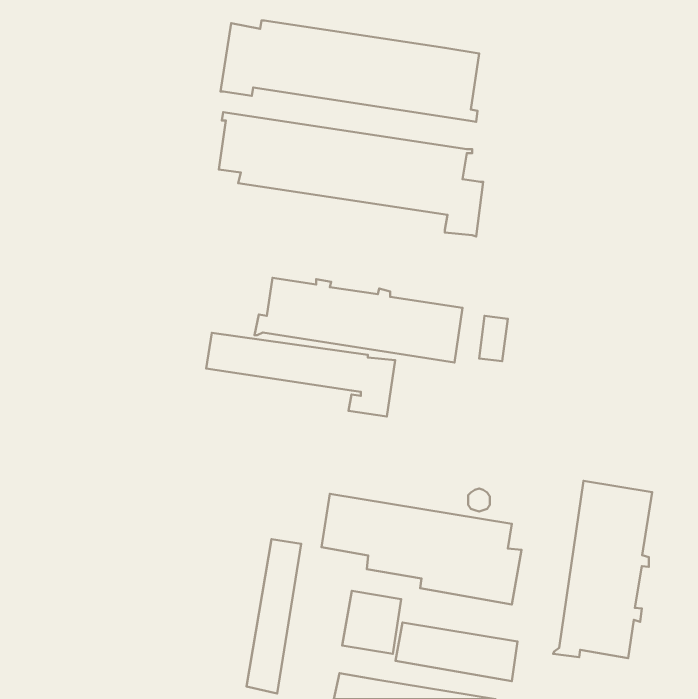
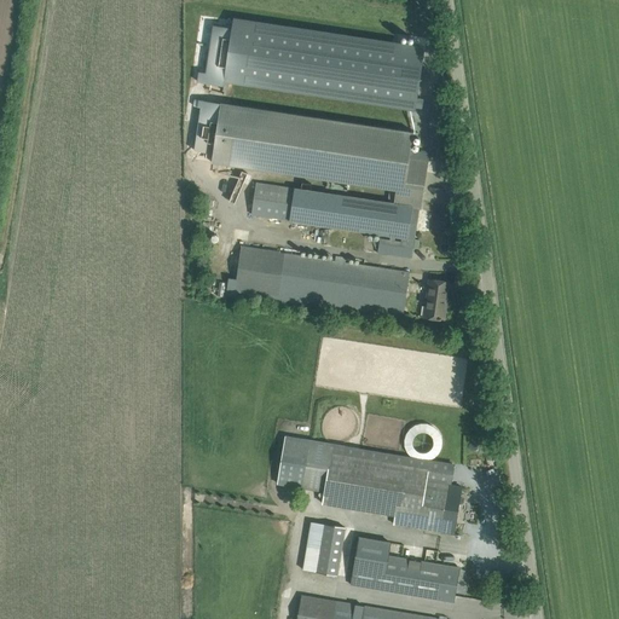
building: [206,333,395,416] -> [250,184,417,258]
building: [553,481,652,658] -> none
building: [247,539,301,693] -> none

